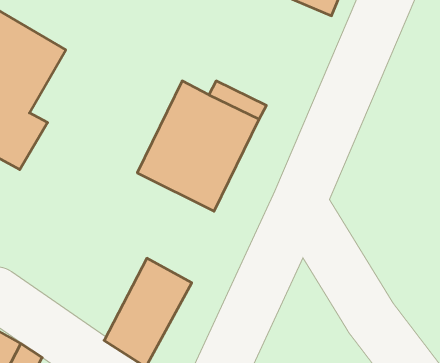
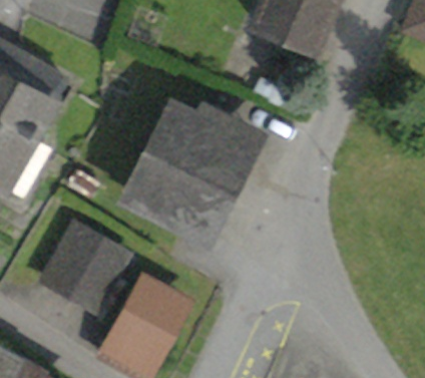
building: none -> [43,226,125,310]

